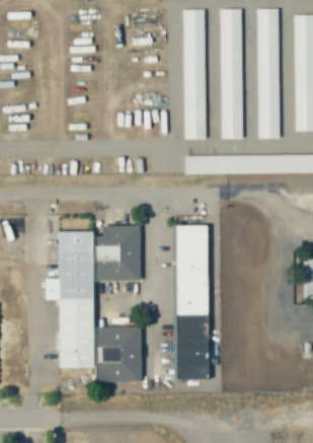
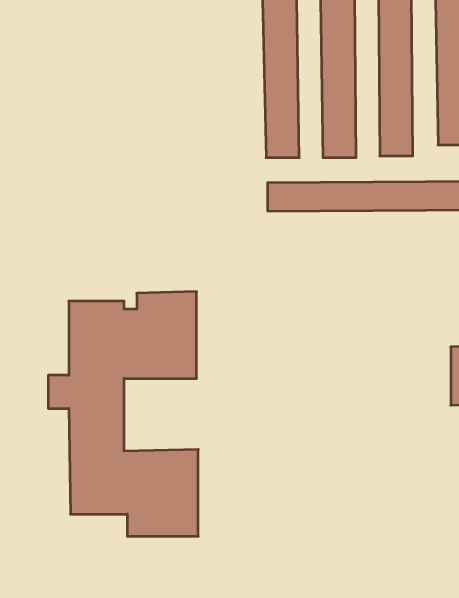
building: [174,225,210,378] -> none

